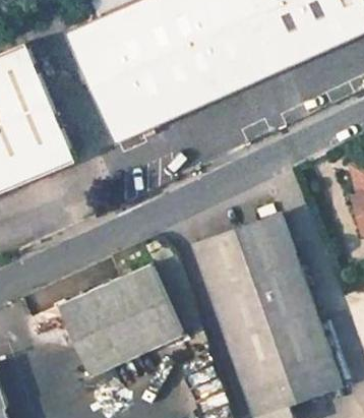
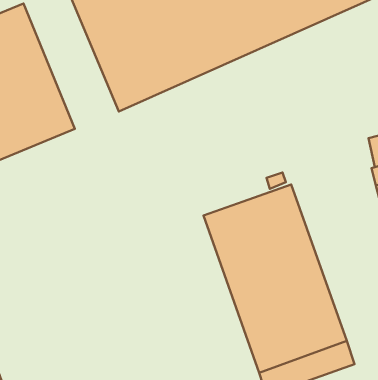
building: [60,265,183,375] -> none

